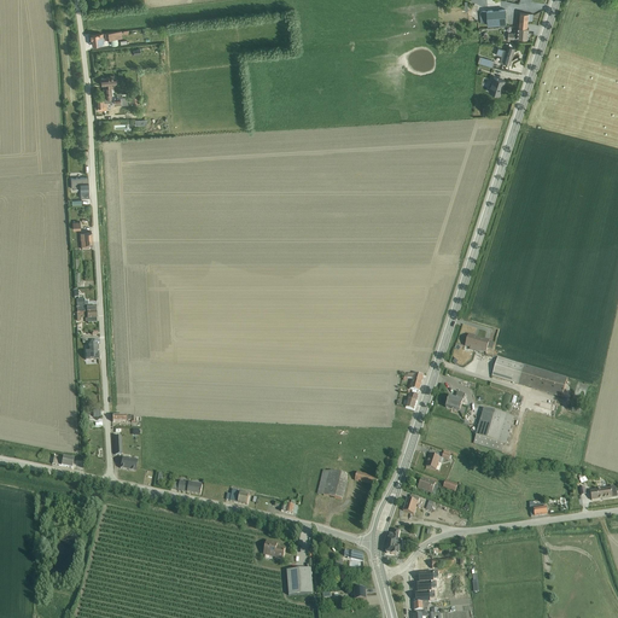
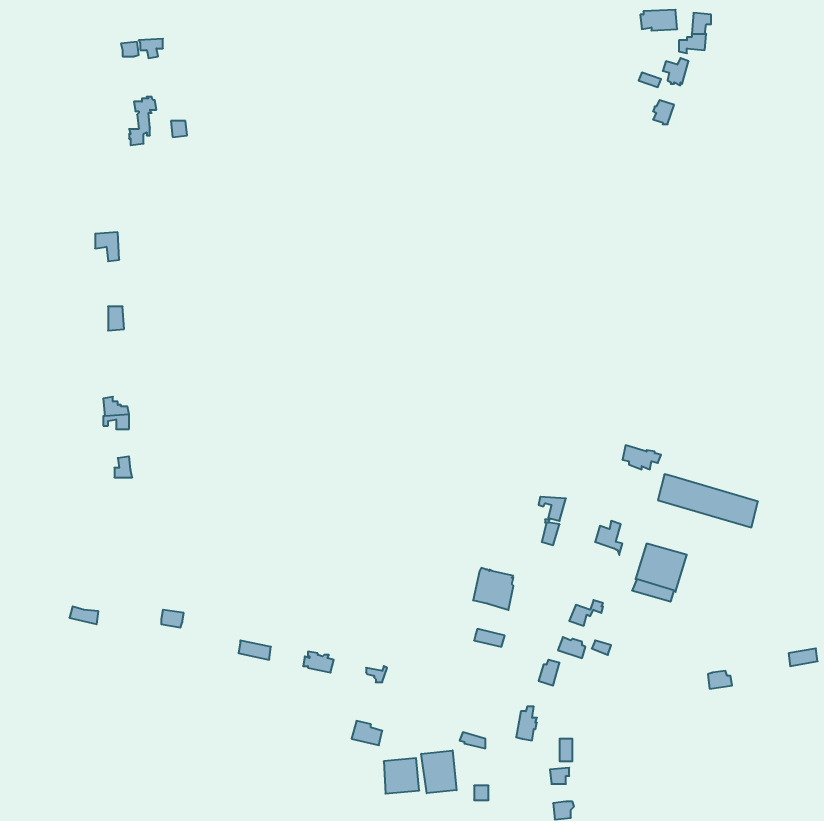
building: [317,467,348,499] -> [473,568,513,610]
building: none -> [421,750,457,793]

